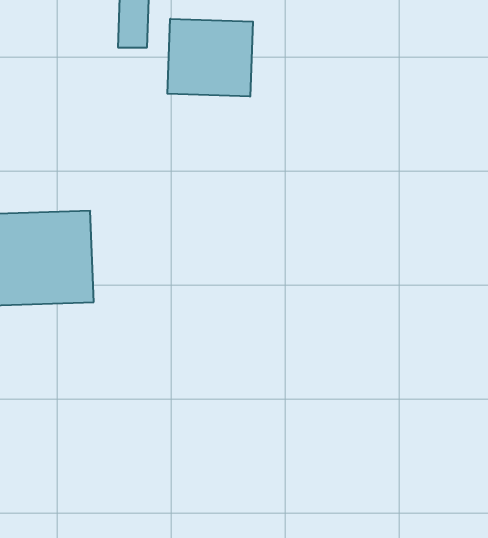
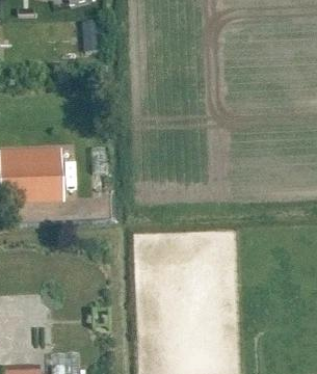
building: [167,19,253,97] -> none

